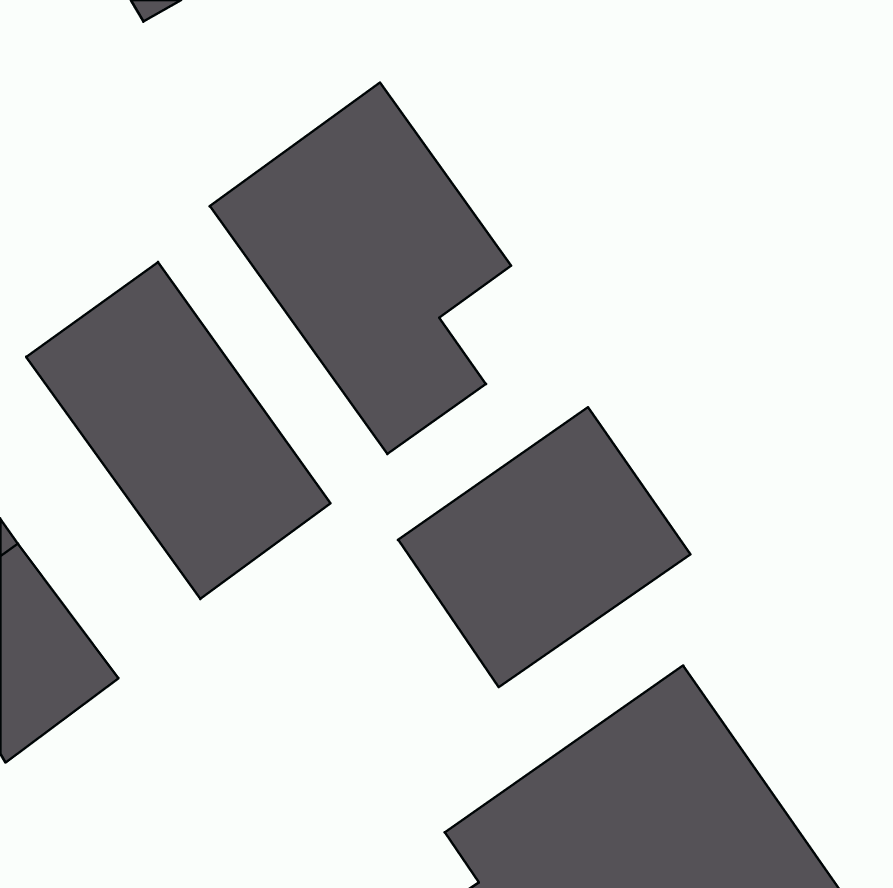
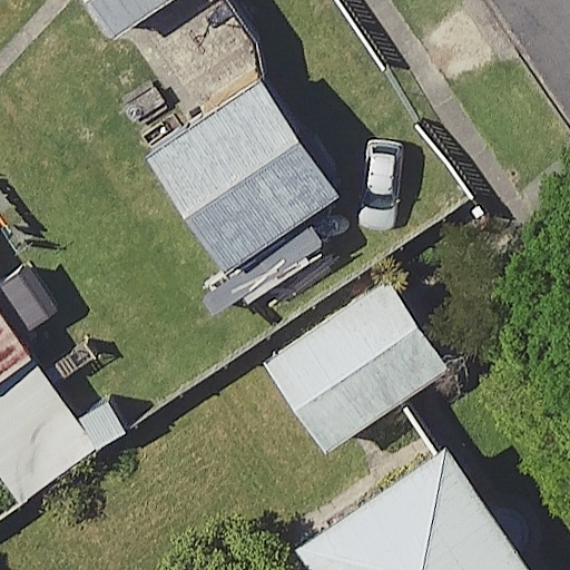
building: [26,262,330,599] -> none

